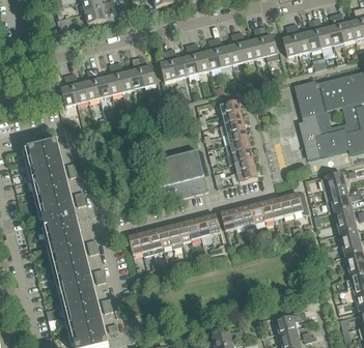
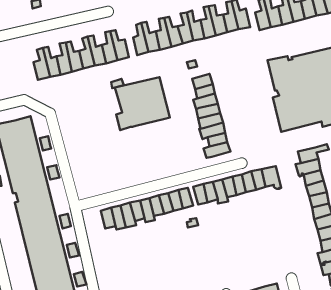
building: [152,150,207,203] -> [115,77,170,130]

